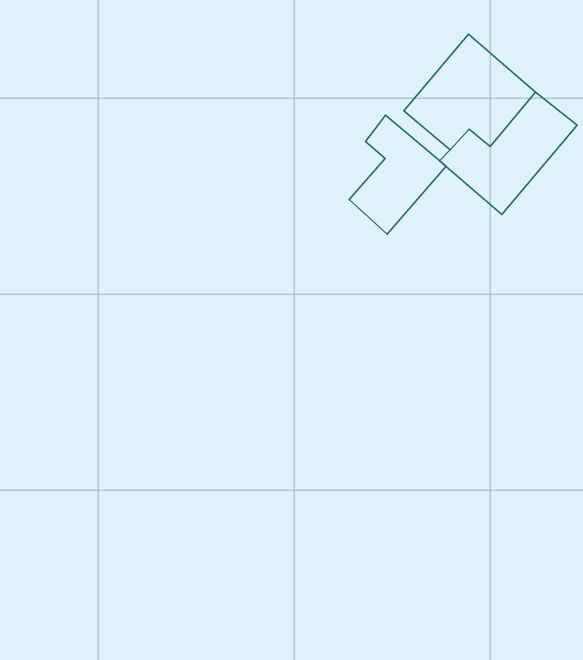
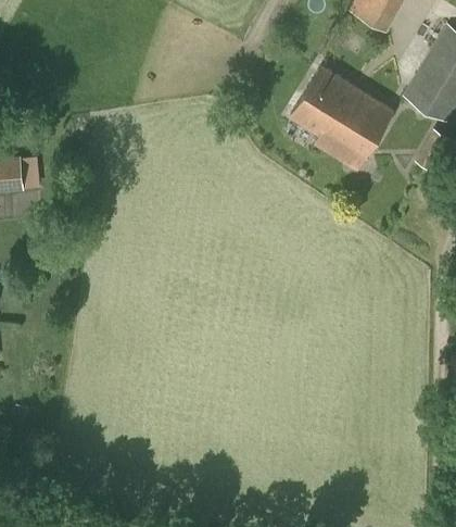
building: [349,115,446,234] -> none

